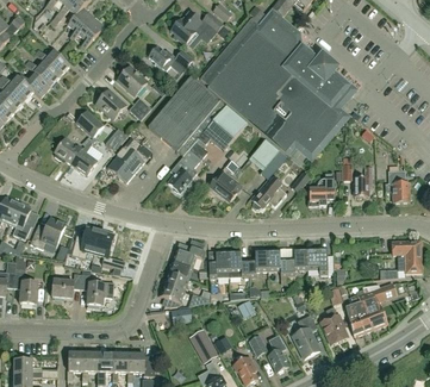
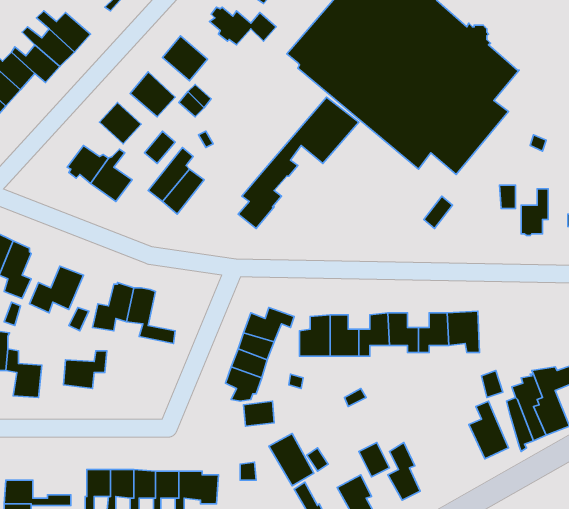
building: [149,75,226,155] -> none
building: [253,138,287,170] -> none
building: [208,169,241,201] -> none
building: [309,171,335,205] -> none
building: [253,175,287,207] -> none
building: [80,268,113,307] -> none
building: [292,313,319,357] -> none

